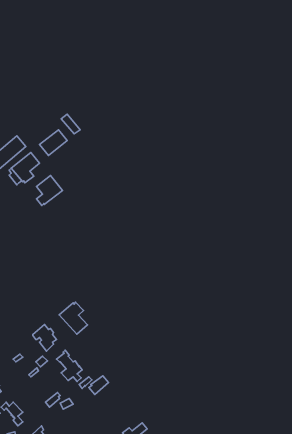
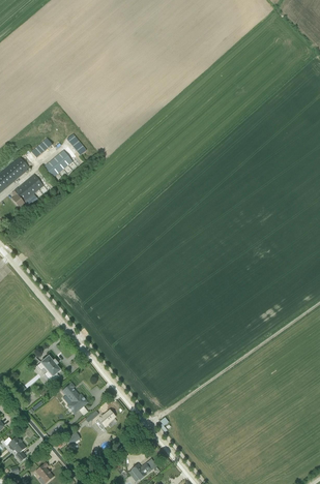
building: [36,176,62,206] -> none
building: [59,302,88,334] -> none

